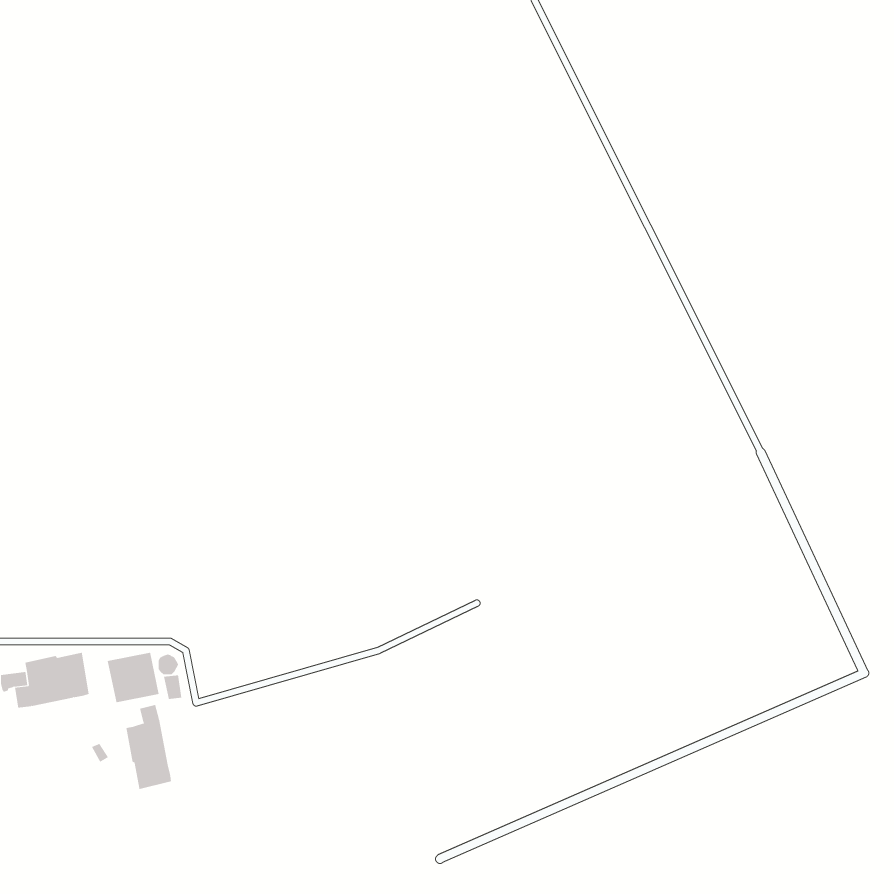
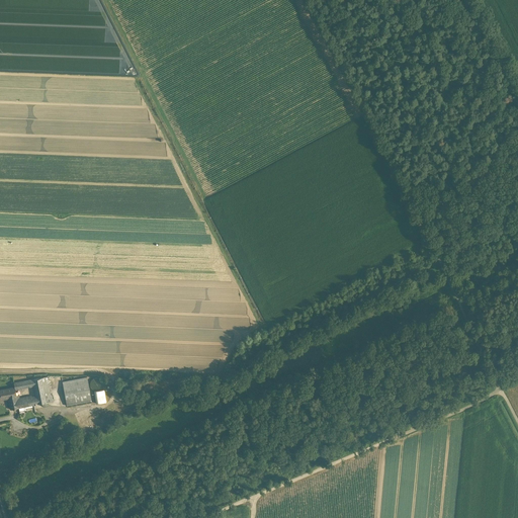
building: [126,704,171,790] -> none

